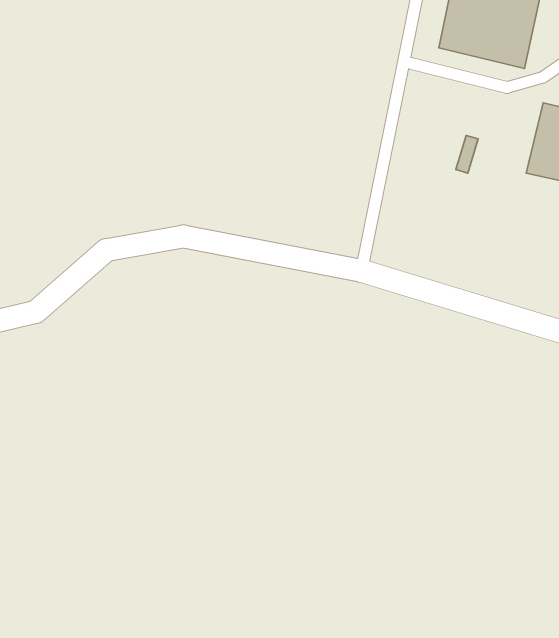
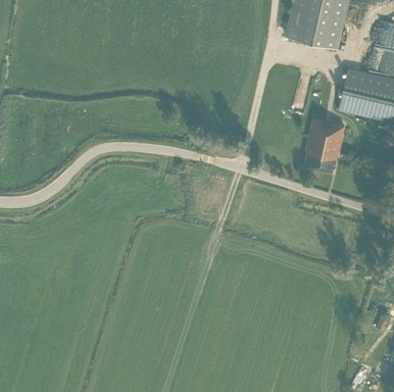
building: none -> [303,118,344,172]

